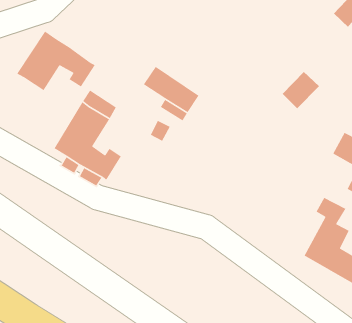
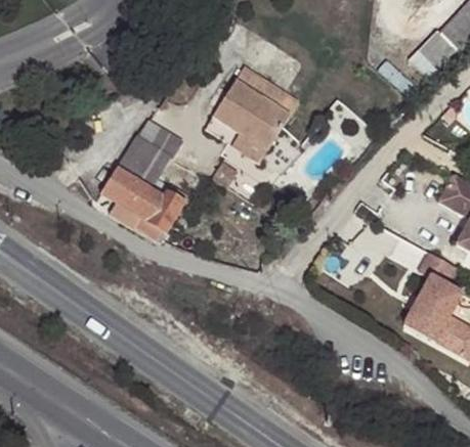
building: [16,31,96,91] -> none
building: none -> [225,65,296,129]
building: [282,71,320,109] -> [408,31,454,77]

